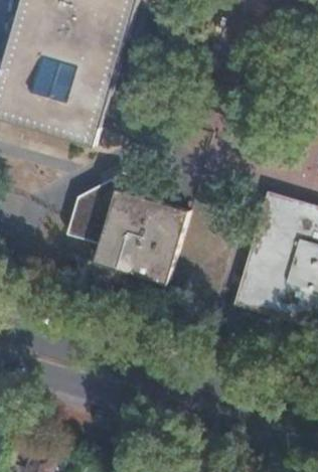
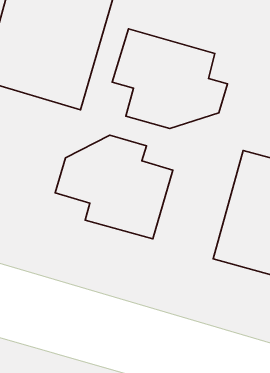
building: none -> [112,29,228,128]

